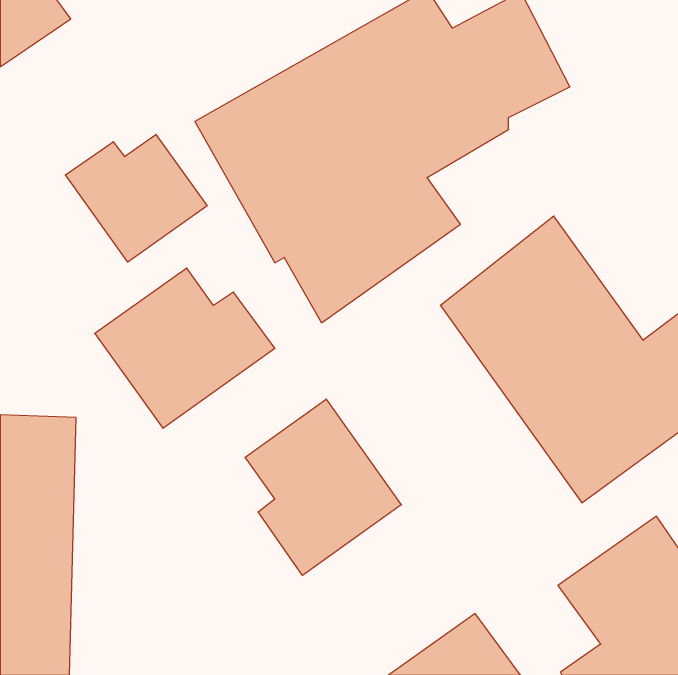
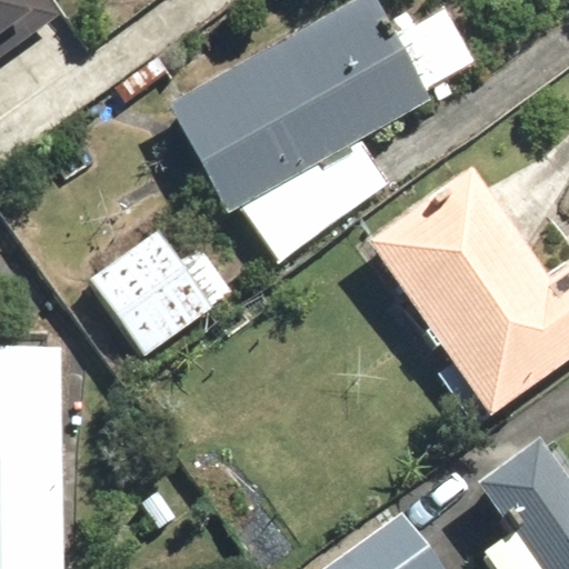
building: [65,134,207,262] -> none
building: [245,399,401,576] -> none

